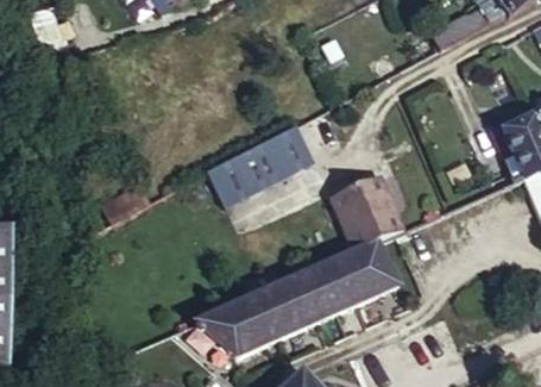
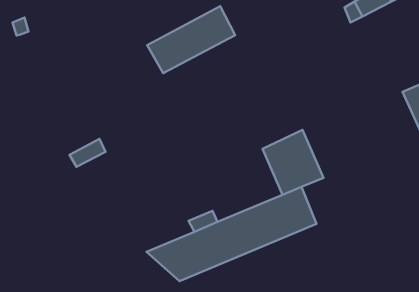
building: [215,121,320,201] -> [147,6,235,73]

